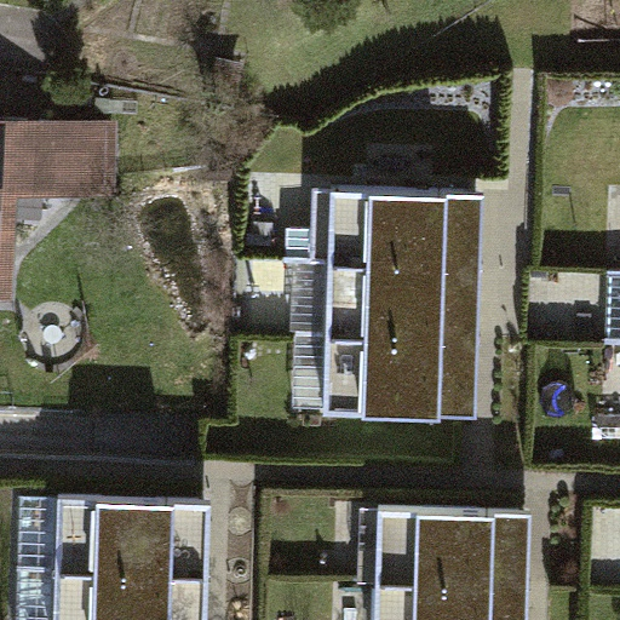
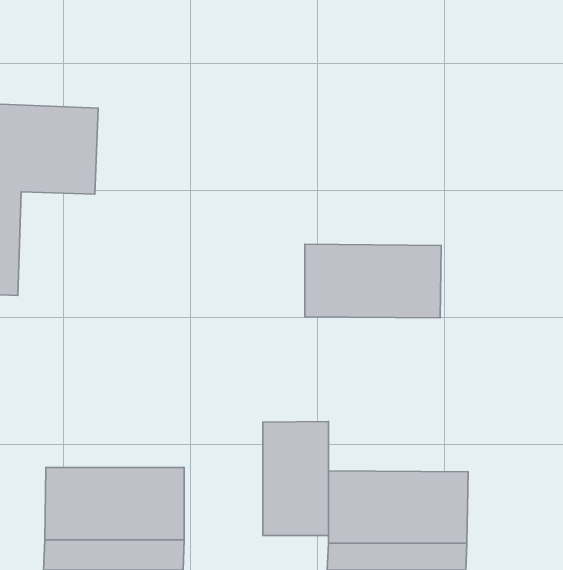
building: [331,186,478,266] -> none
building: [329,344,477,424] -> none
building: none -> [263,421,328,536]

